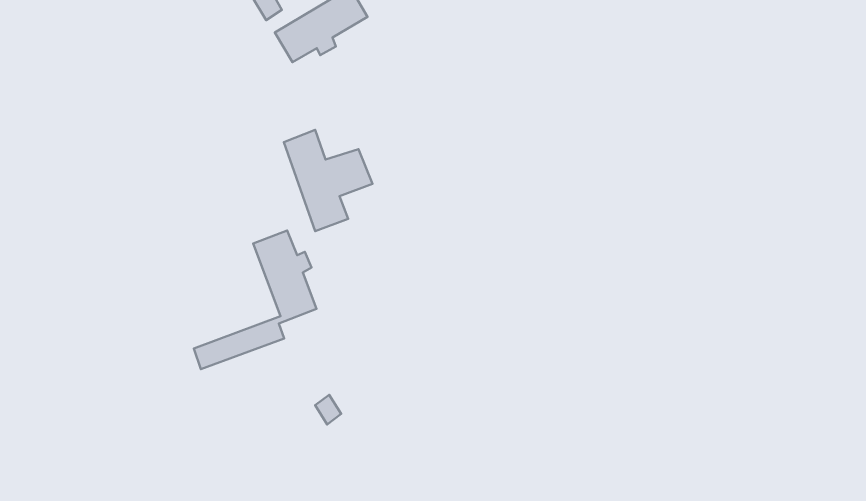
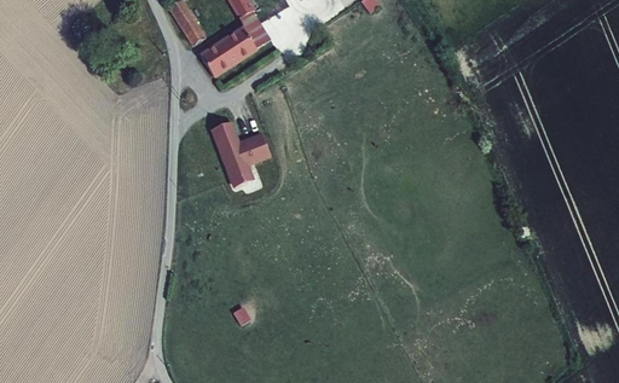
building: [194,230,316,369] -> none

